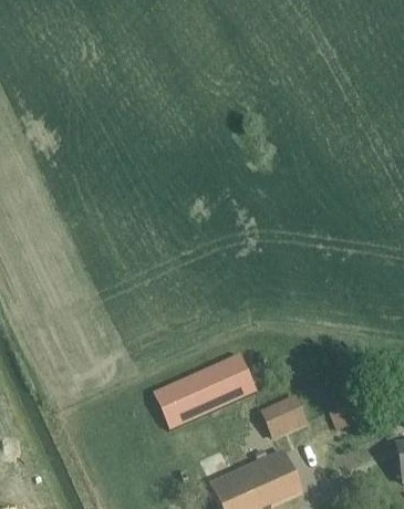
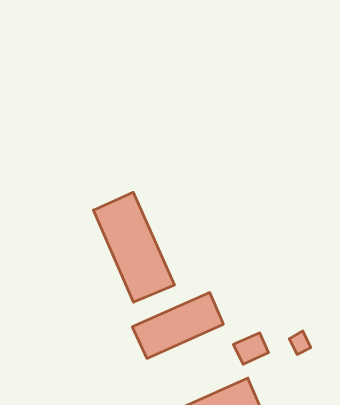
building: none -> [93,192,174,302]

